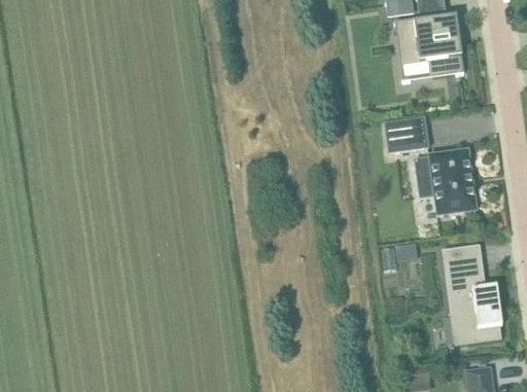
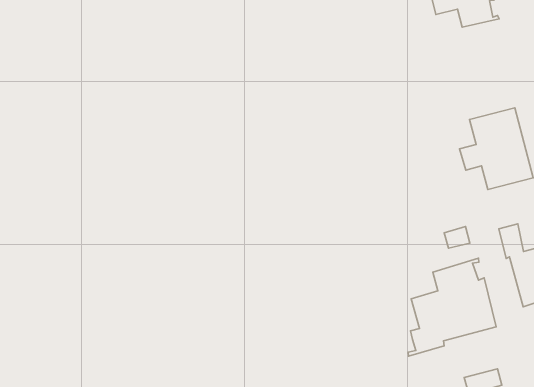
building: [385,114,428,150] -> none
building: none -> [408,258,496,356]

